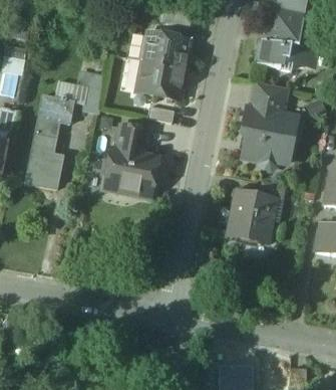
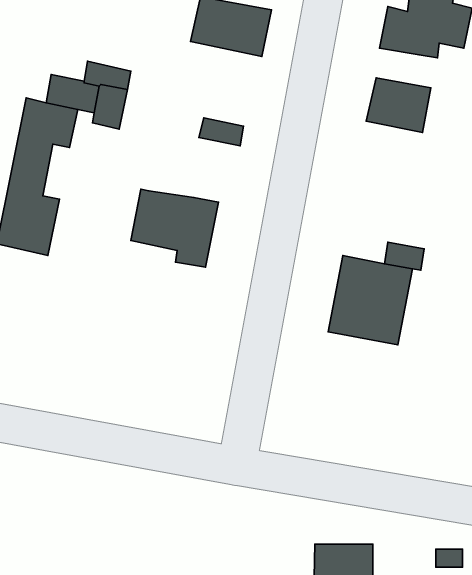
building: [136,58,186,99] -> none
building: [244,107,292,169] -> none
building: [117,125,148,153] -> none

